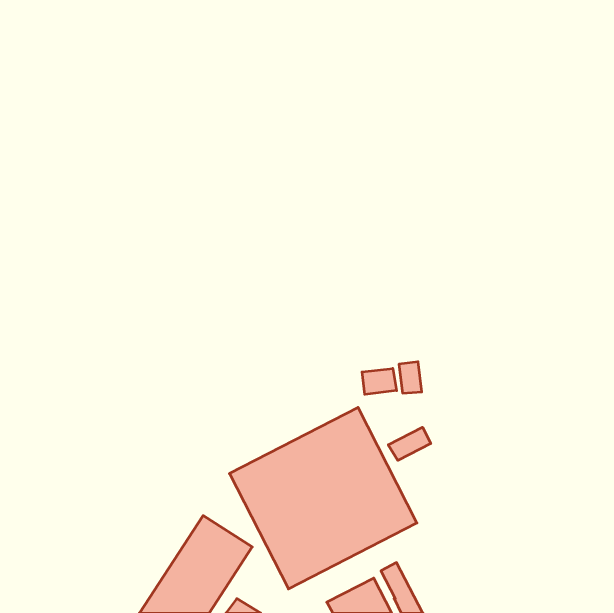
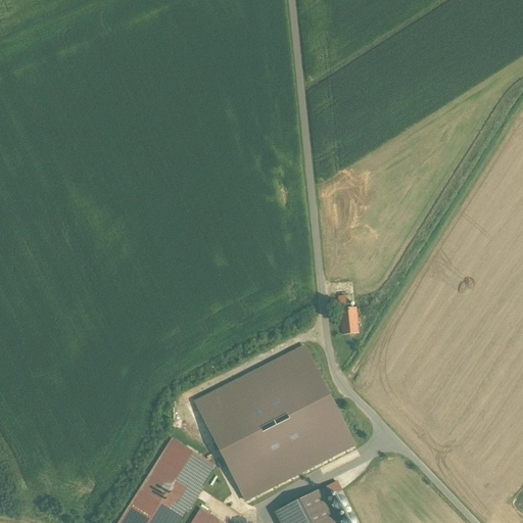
building: [362,368,397,394] -> none
building: [388,427,431,460] -> none

